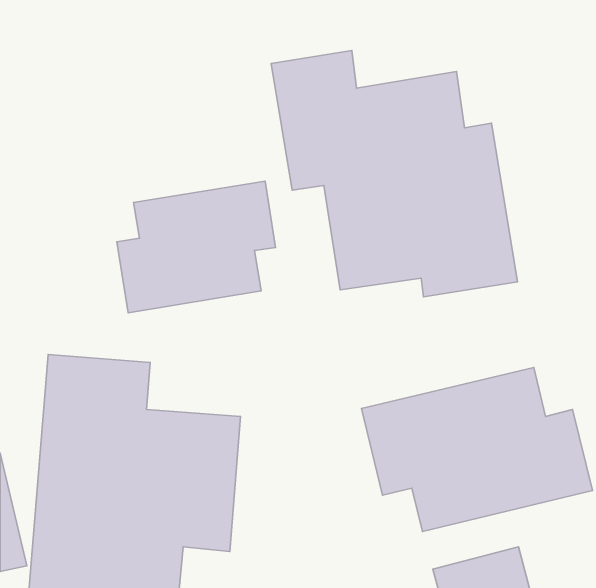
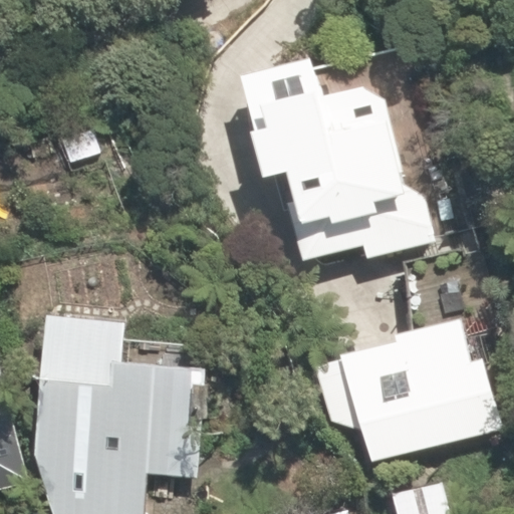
building: [117,181,276,313] -> none

